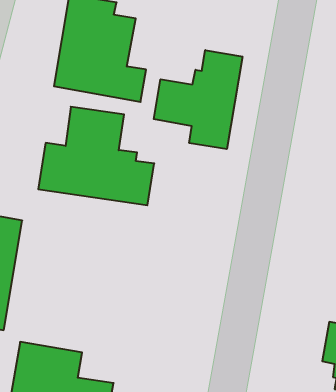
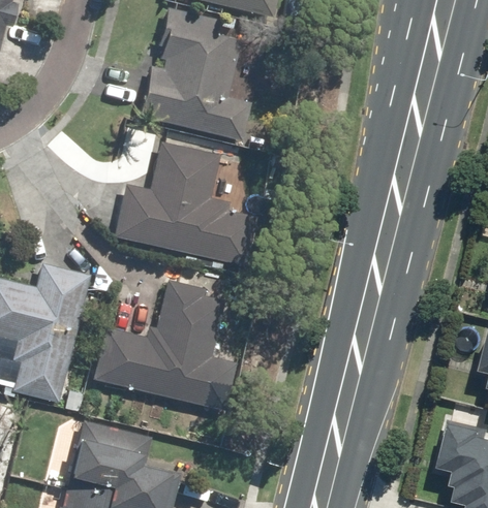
building: [154,50,242,149] -> none
building: none -> [93,279,227,409]

